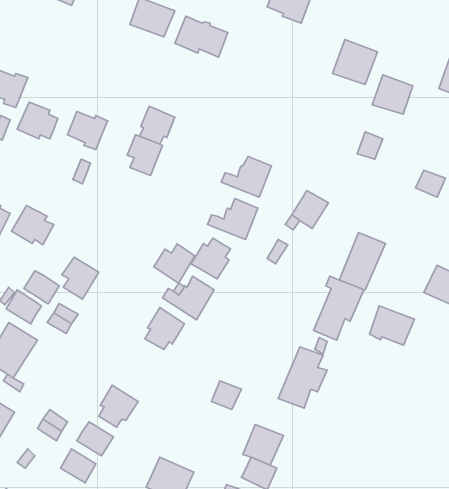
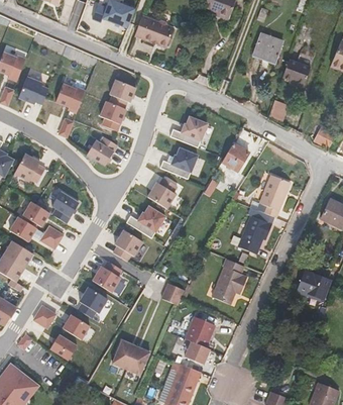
building: [154,244,195,283] -> [87,136,117,166]
building: [370,306,414,345] -> [298,270,331,299]
building: none -> [93,261,122,292]

